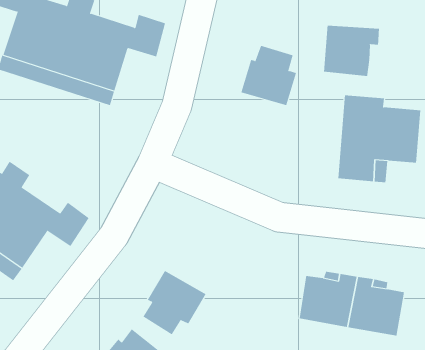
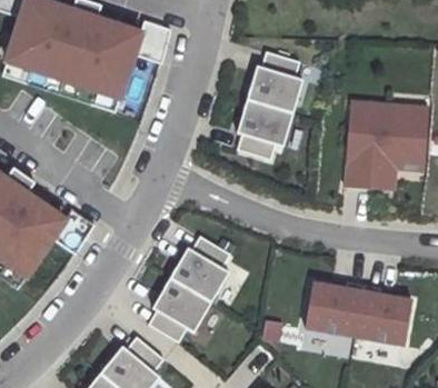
building: [323,25,380,77] -> none
building: none -> [237,98,293,159]
building: none -> [170,235,230,301]

